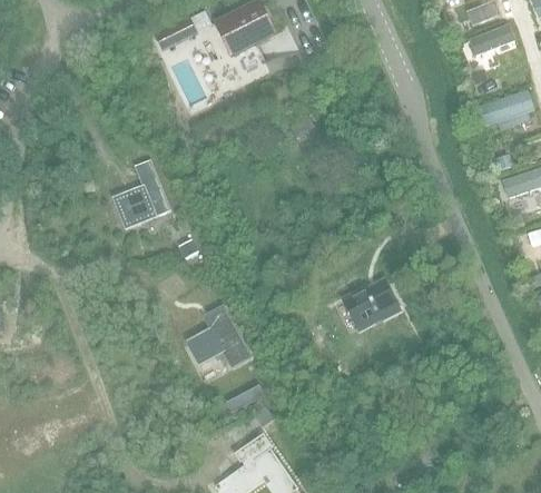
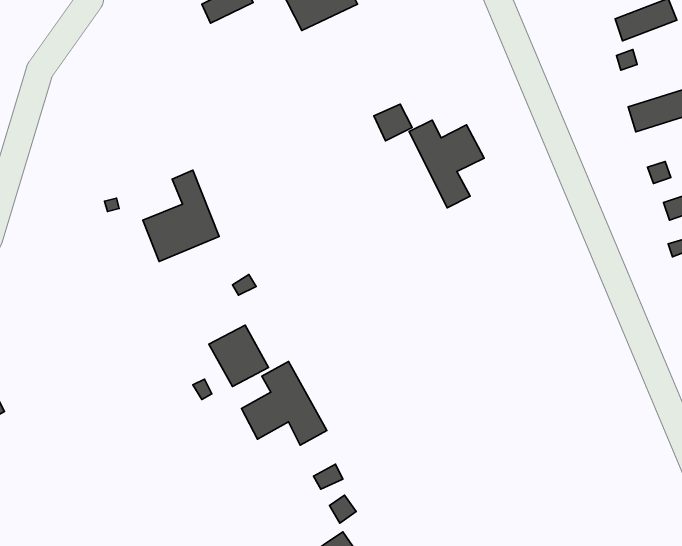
building: none -> [409,120,484,208]
building: none -> [209,325,269,387]
building: [344,280,399,327] -> none

